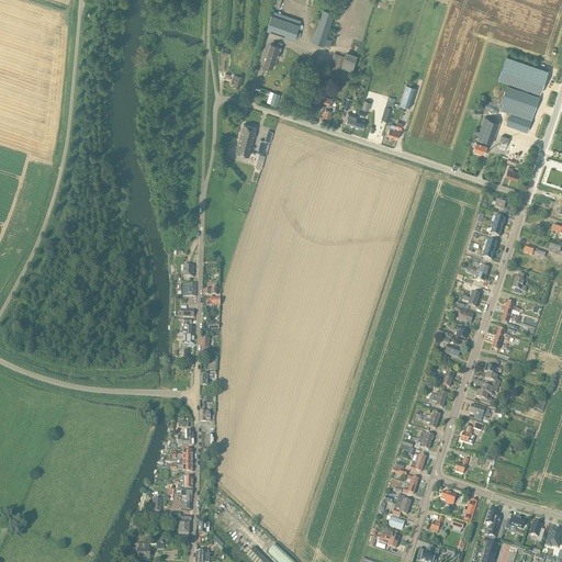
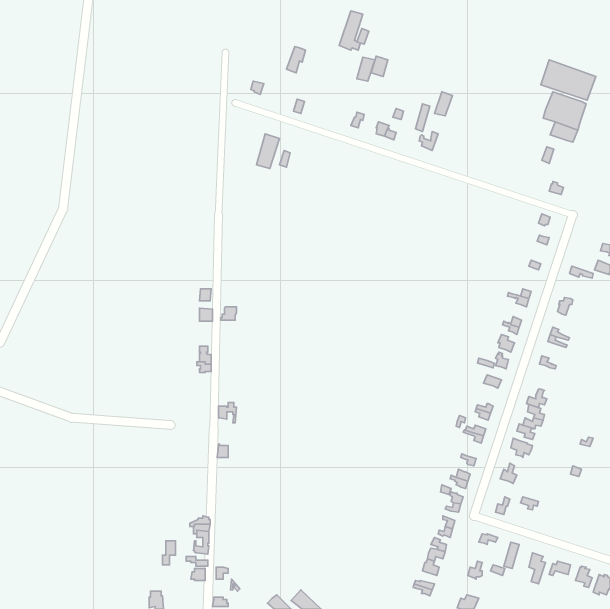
building: [267,10,301,38] -> none
building: [473,116,499,153] -> none

